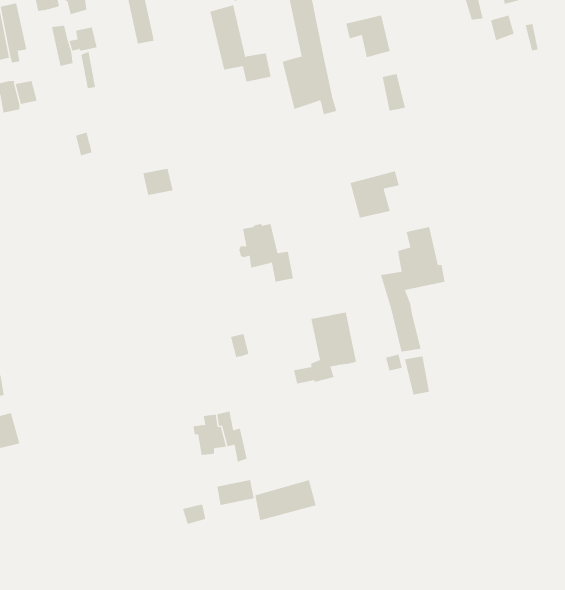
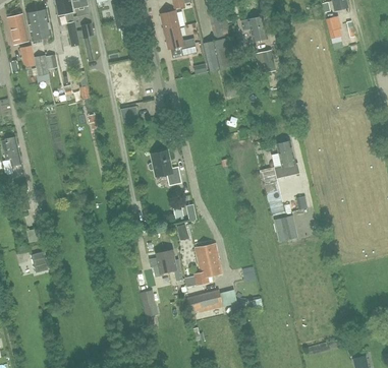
building: [350,171,400,219] -> none
building: [239,224,294,282] -> [148,150,180,185]
building: [293,312,357,384] -> [184,244,222,287]

